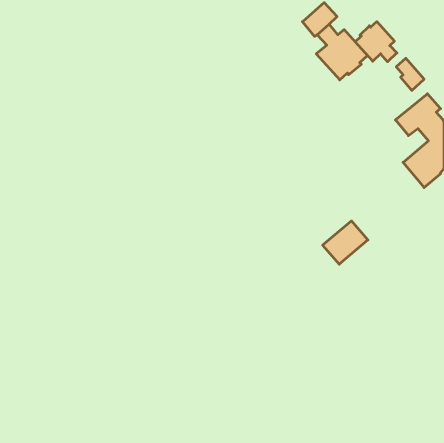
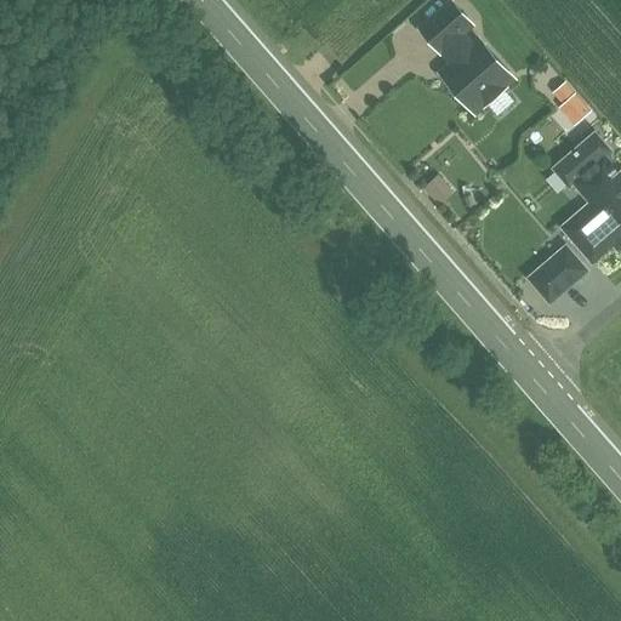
building: [355,22,397,62] -> none
building: [323,221,368,264] -> [526,245,589,306]

